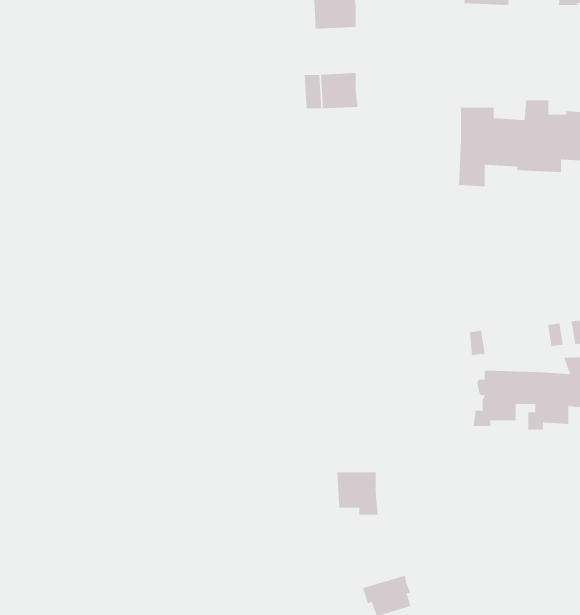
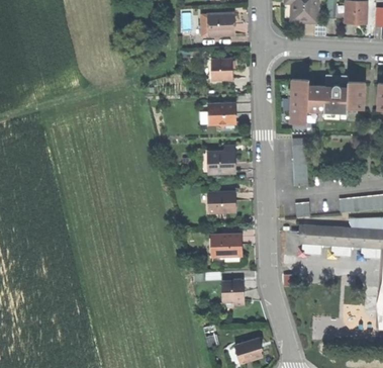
building: none -> [208,104,236,127]
building: none -> [207,151,236,173]
building: none -> [208,192,236,213]
building: none -> [212,235,242,257]

